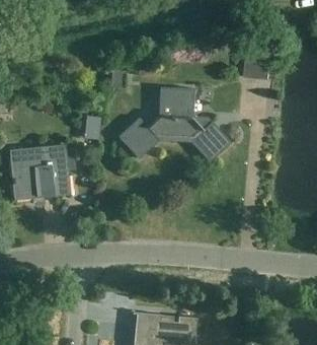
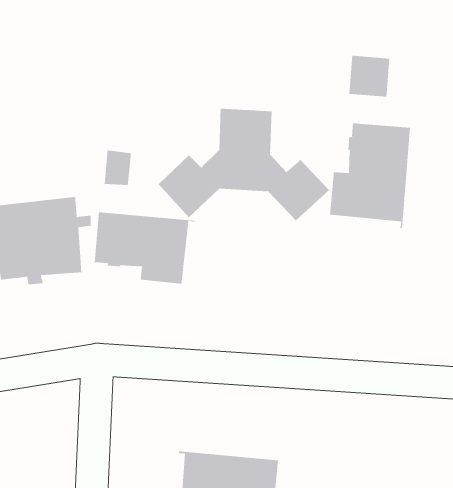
building: none -> [329,122,411,229]
building: none -> [94,211,195,285]

